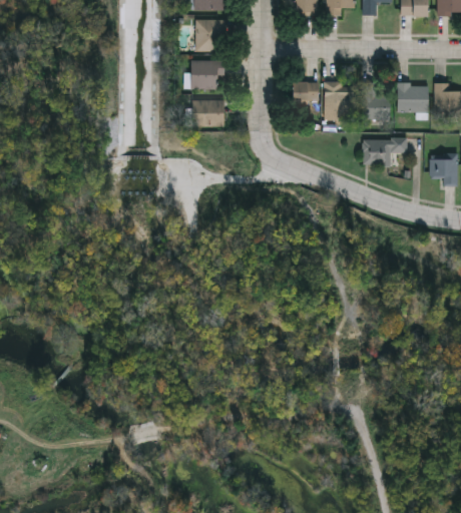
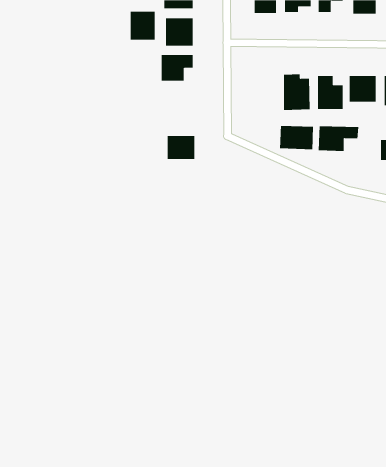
building: none -> [130,11,155,40]
building: [290,81,318,102] -> none
building: [192,100,223,126] -> [167,136,195,159]
building: none -> [280,125,314,150]

